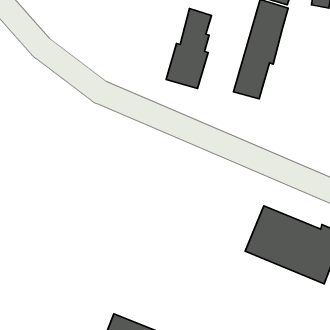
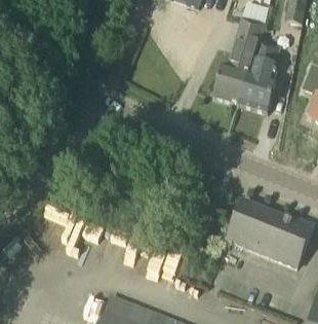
building: [166,8,211,89] -> [239,41,279,112]

